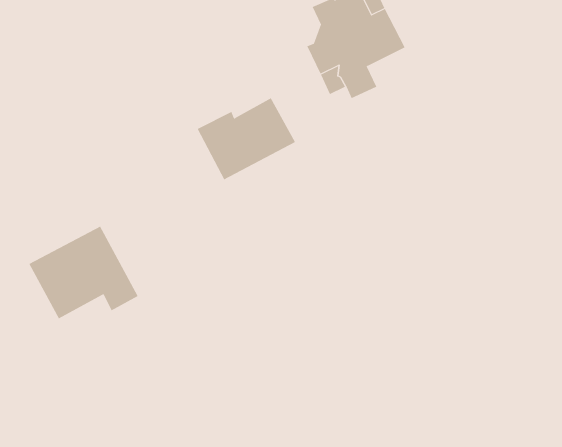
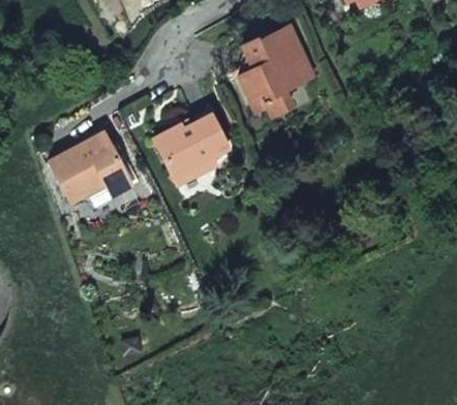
building: [29,226,138,319] -> [51,132,134,204]

